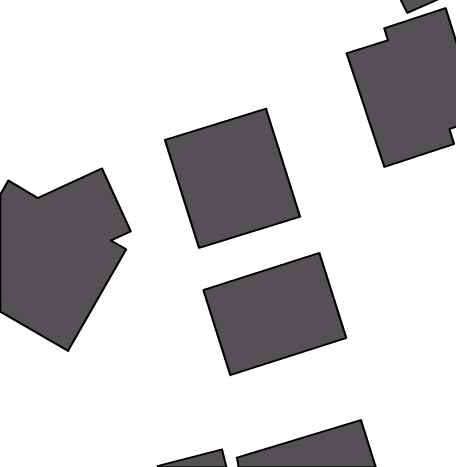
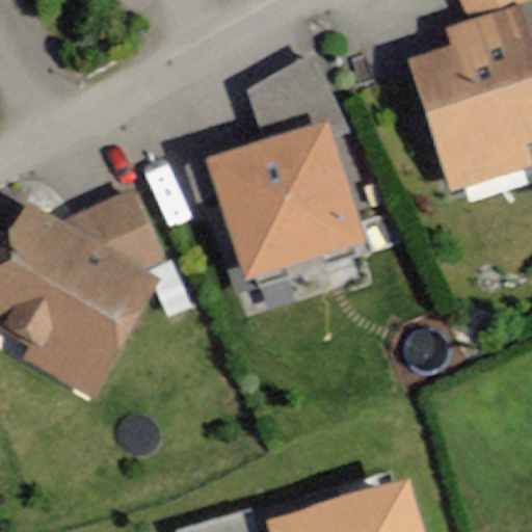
building: [204,253,346,375] -> none

